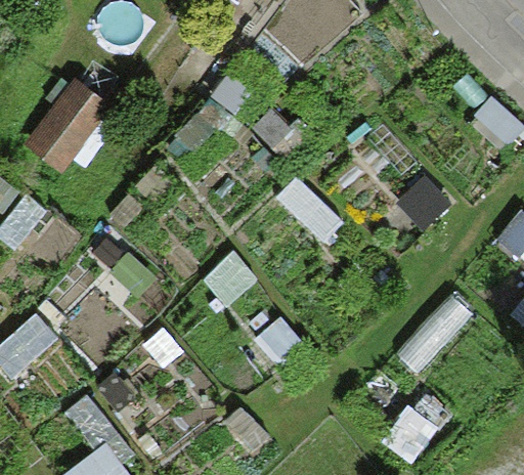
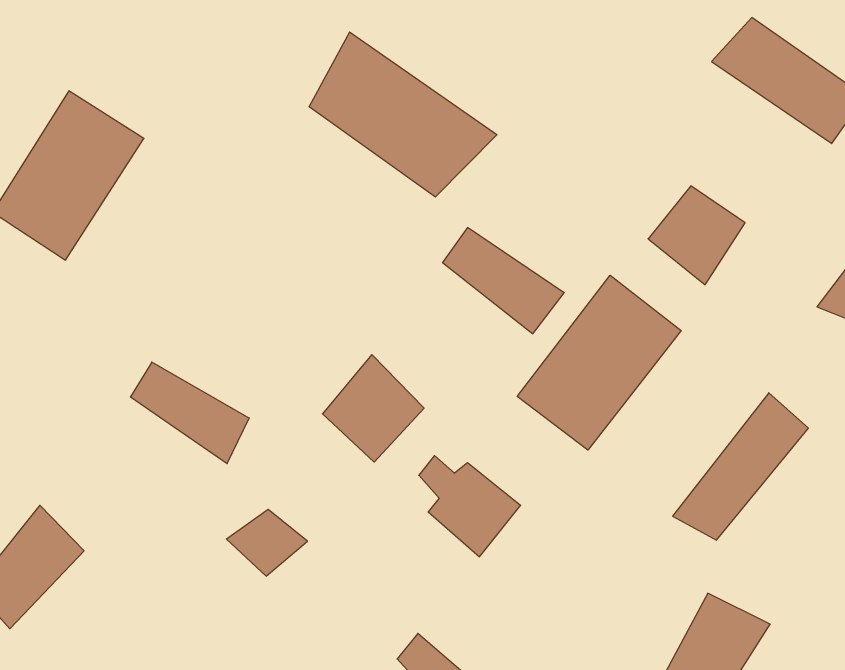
building: none -> [517,275,681,450]

